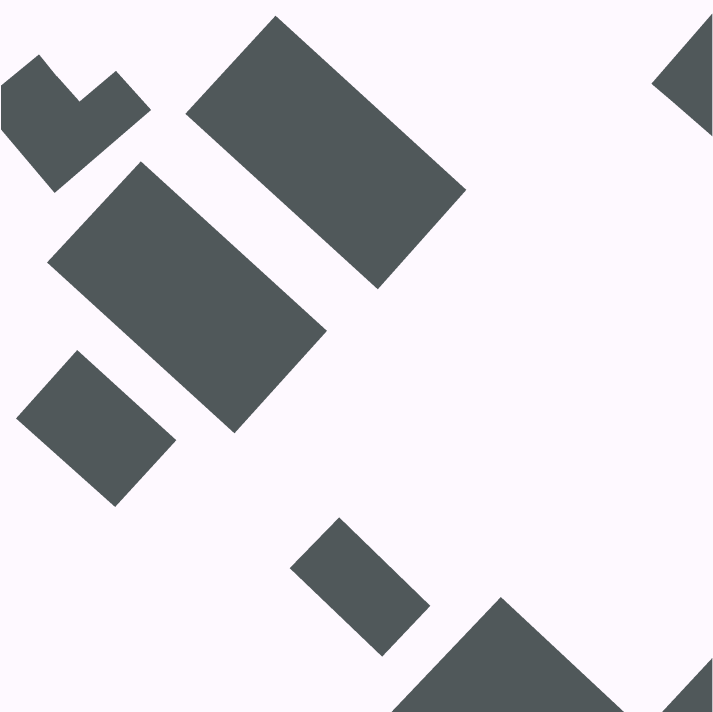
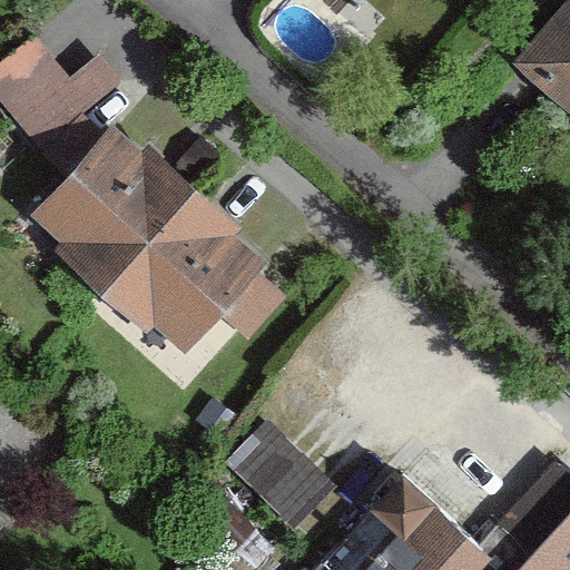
building: [184,15,467,290] -> none
building: [15,349,177,508] -> none

